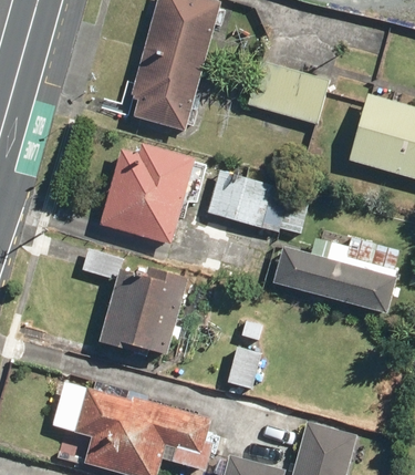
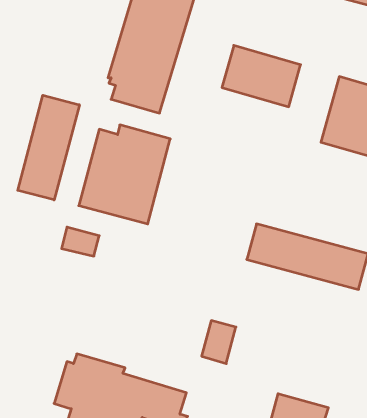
building: none -> [18,95,79,200]
building: [208,171,276,229] -> none
building: [100,267,190,355] -> none

